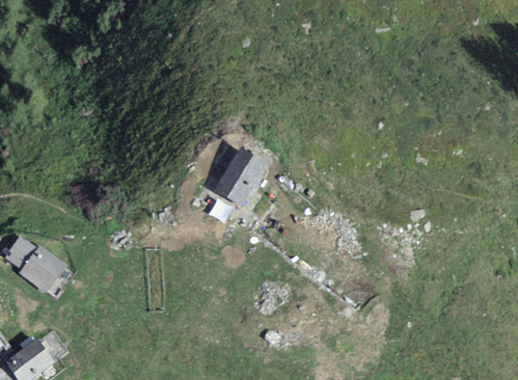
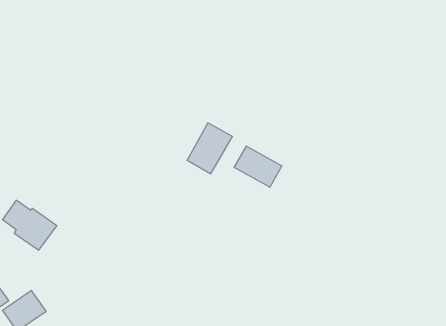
building: none -> [234,146,282,187]

